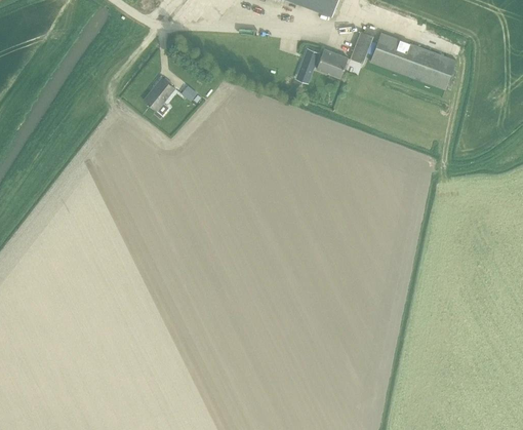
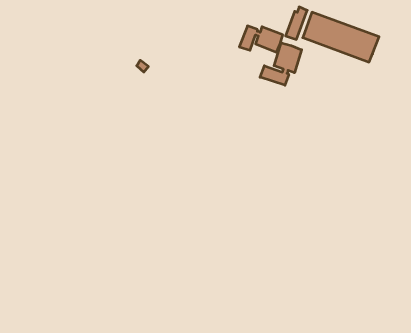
building: none -> [260,43,302,85]
building: [144,78,174,112] -> none

